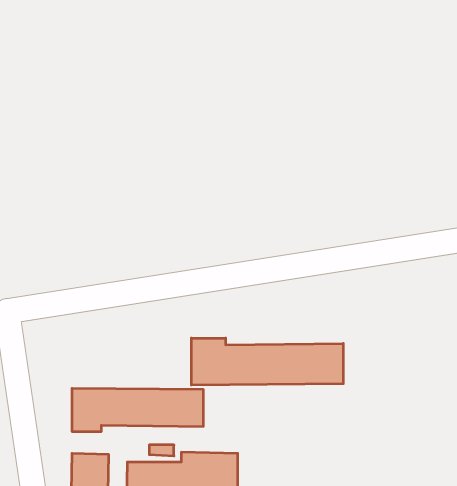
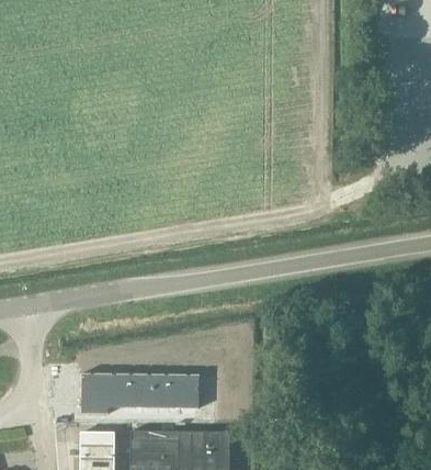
building: [191,338,343,385] -> none

